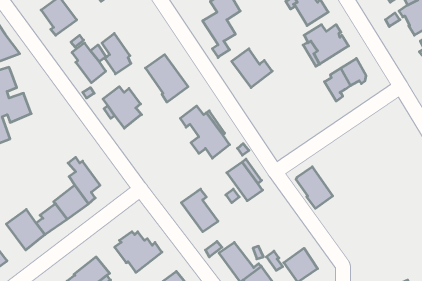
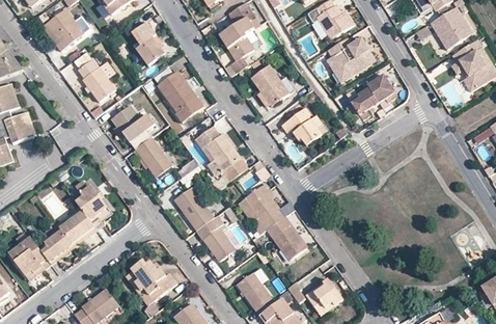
building: [102,33,131,74] -> [133,21,164,64]
building: none -> [281,104,324,144]
building: none -> [135,135,172,177]
building: none -> [174,186,214,228]
building: [296,167,333,208] -> [266,215,305,260]

